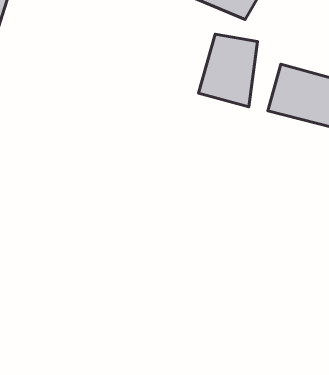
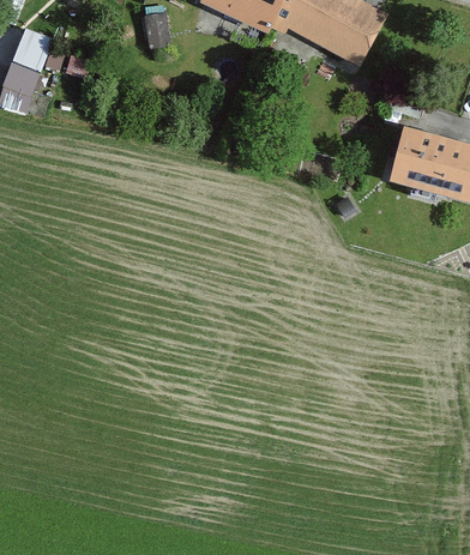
building: [199,34,257,107] -> none

